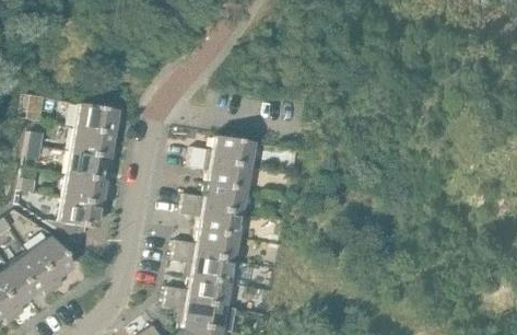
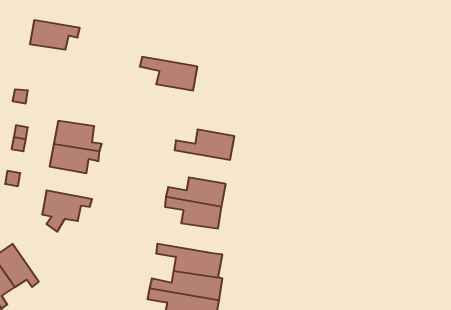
building: [75,103,126,132] -> [30,20,80,50]
building: [190,157,248,190] -> [140,57,197,91]
building: [63,173,110,206] -> none
building: [175,230,236,261] -> none
building: [30,236,71,289] -> none

